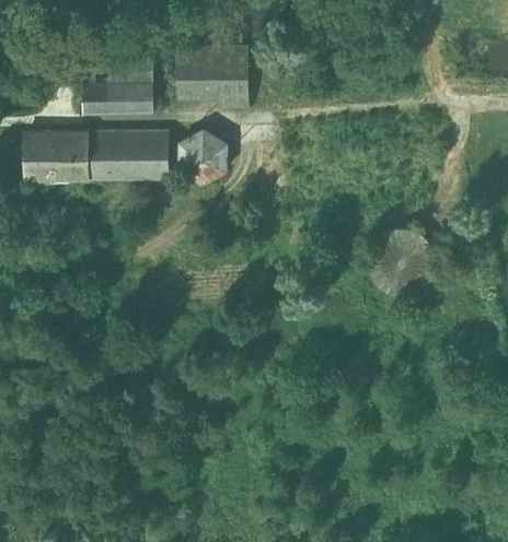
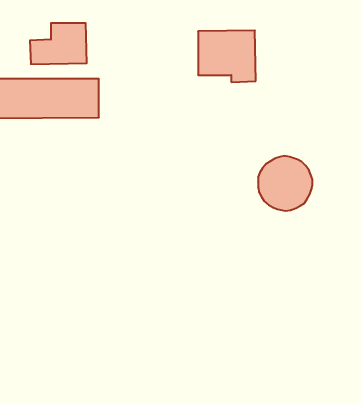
building: [175,44,247,108] -> [198,30,256,82]
building: [176,127,227,185] -> none

